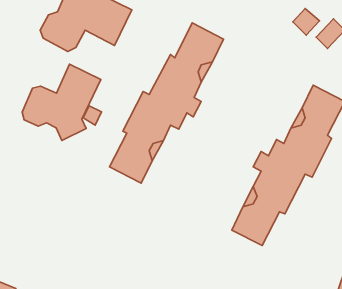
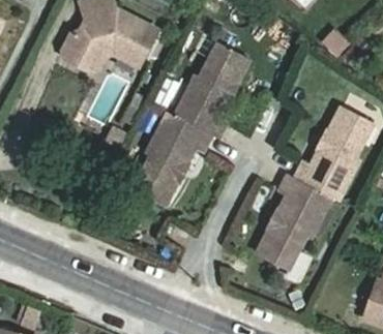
building: [22,64,101,141] -> none

